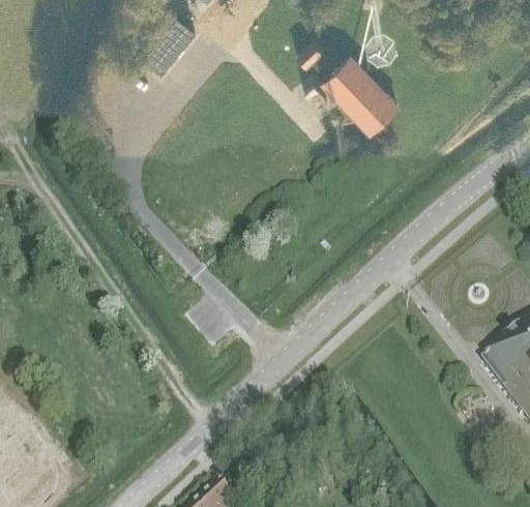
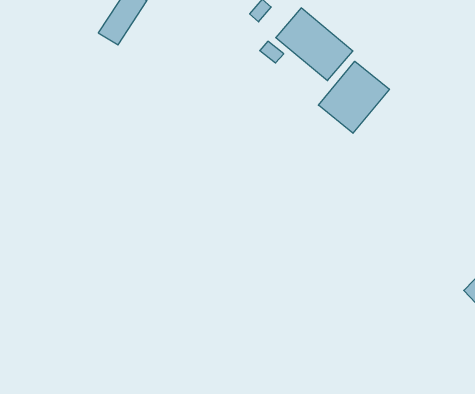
building: none -> [318,61,389,133]

